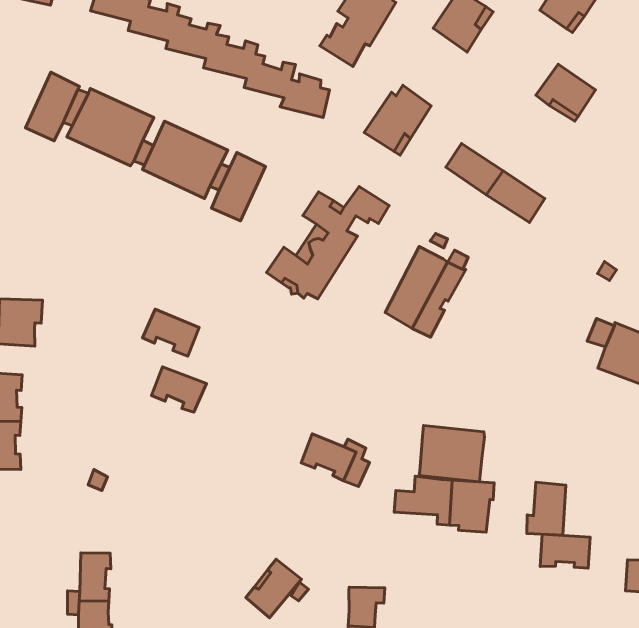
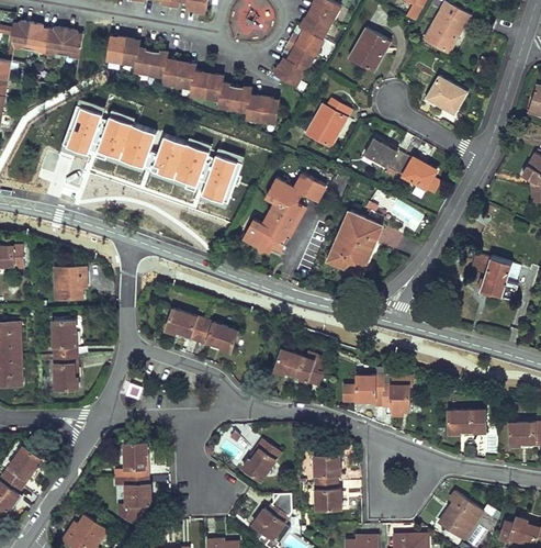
building: [143,309,199,356] -> [198,318,237,350]
building: [419,426,484,482] -> none
building: [527,482,566,535] -> none

